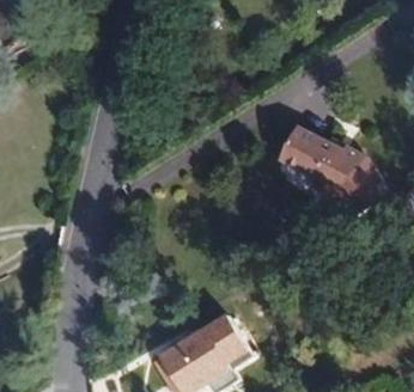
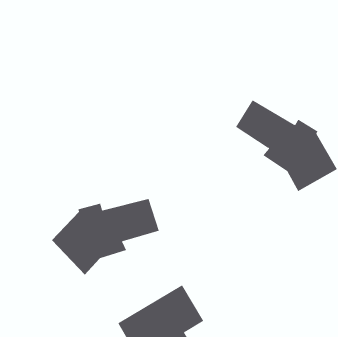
building: none -> [51,198,159,276]

